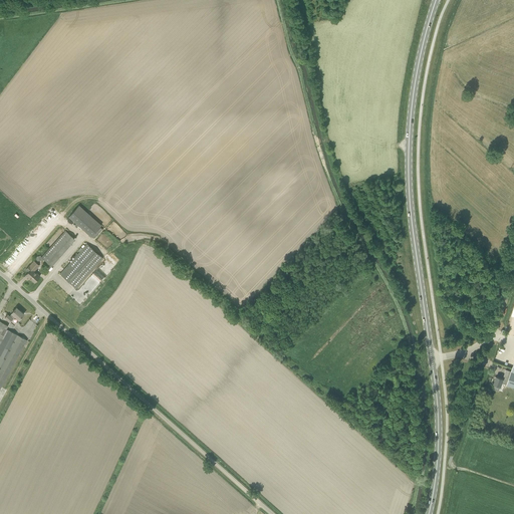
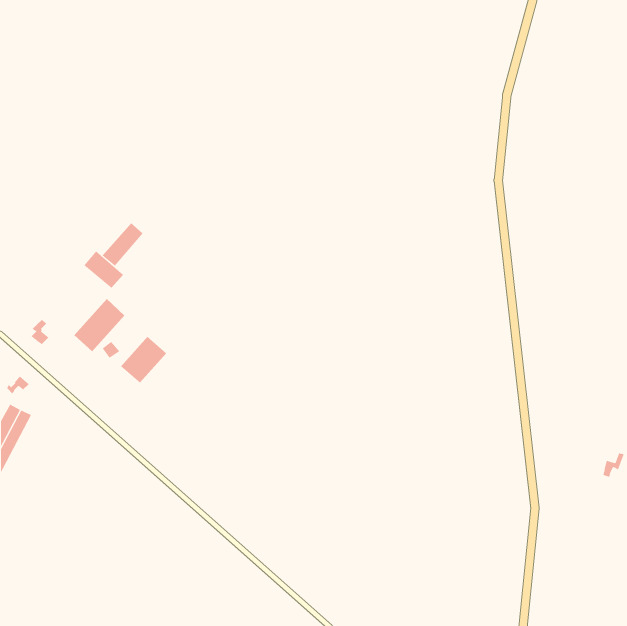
building: [41,231,75,267] -> [102,222,143,267]
building: none -> [120,336,167,384]

